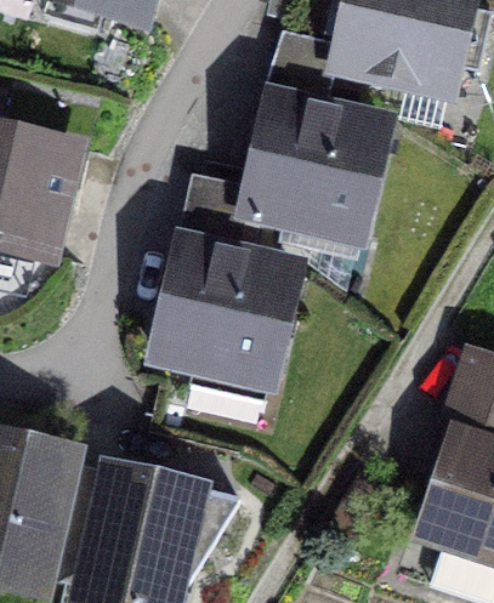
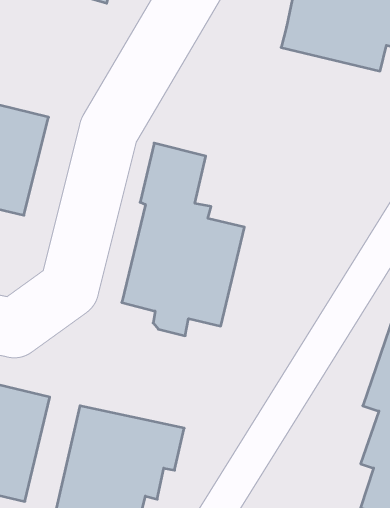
building: [242,32,387,250] -> none

